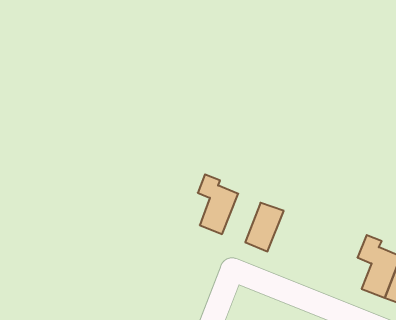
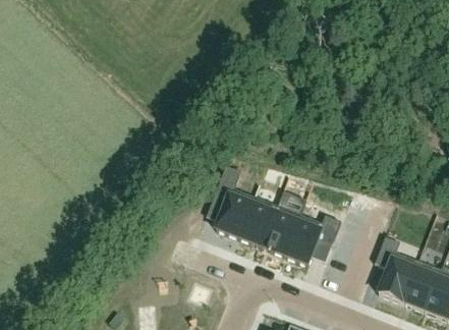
building: none -> [238,198,277,246]
building: none -> [284,214,341,265]

